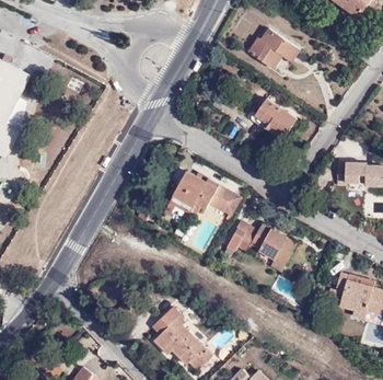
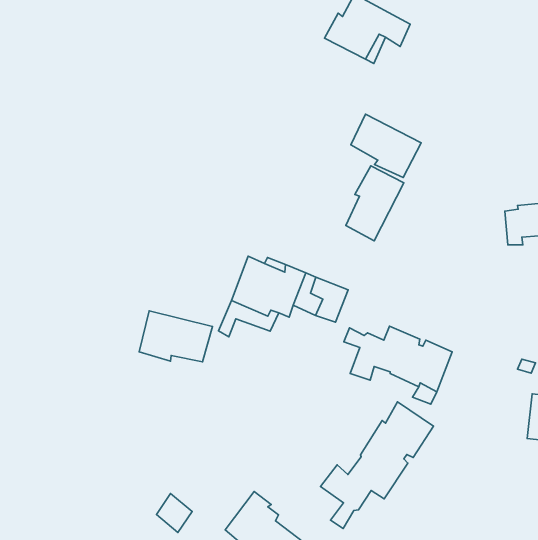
building: none -> [346,166,404,241]
building: none -> [139,311,212,362]
building: none -> [320,402,434,529]

